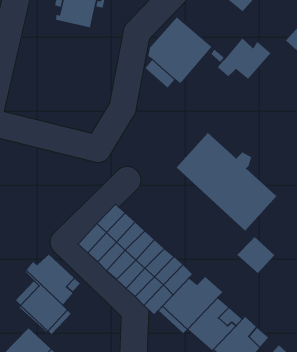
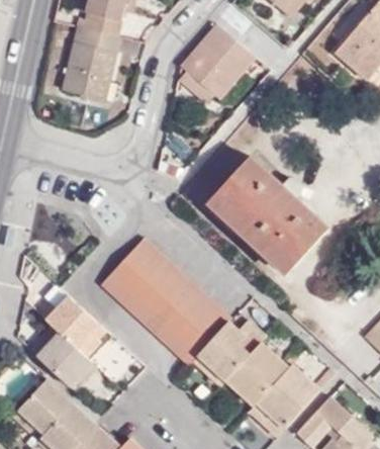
building: none -> [62,28,119,101]
building: [217,38,271,80] -> none
building: [237,236,275,274] -> none

